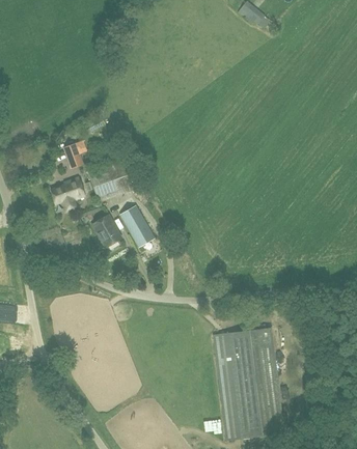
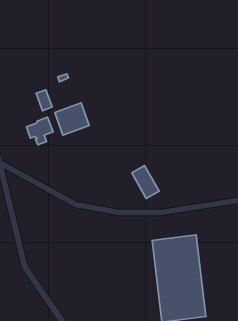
building: [119,204,155,247] -> [132,165,159,199]
building: [92,215,121,247] -> none

